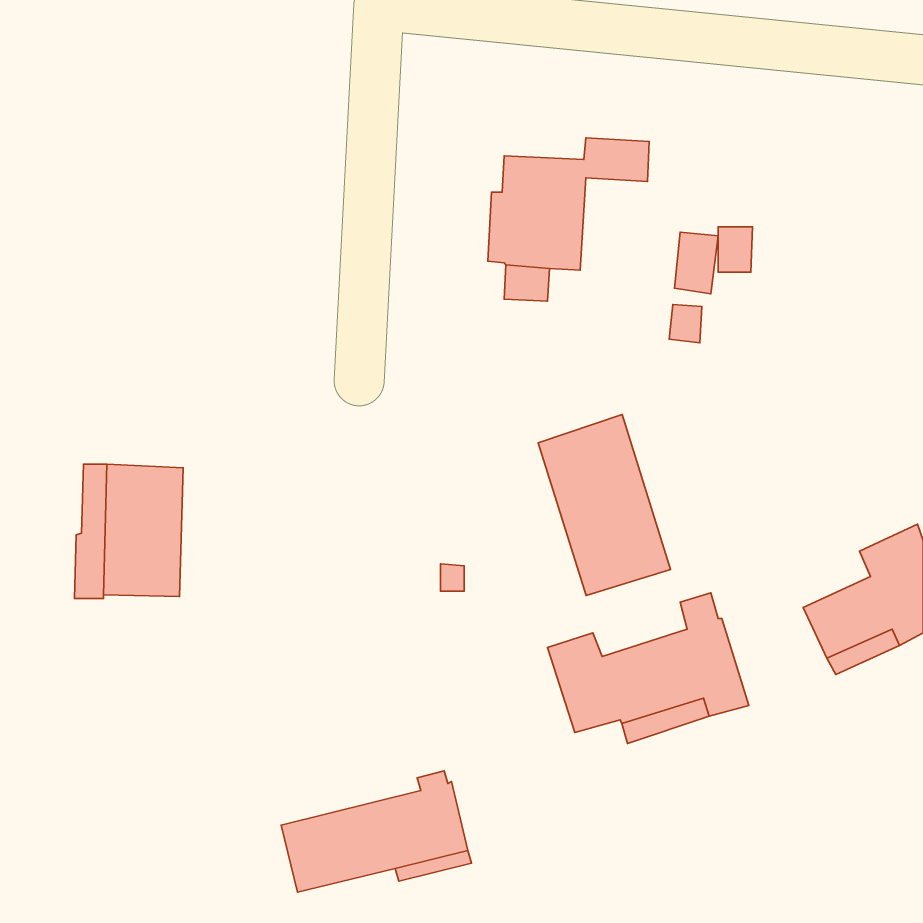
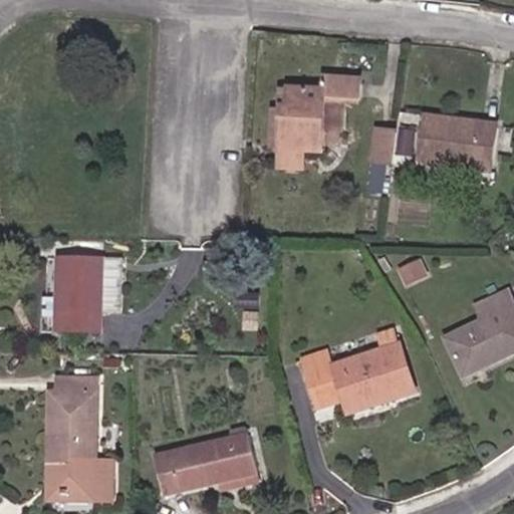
building: none -> [418,114,496,169]
building: [538,415,671,596] -> none
building: none -> [50,376,112,499]

